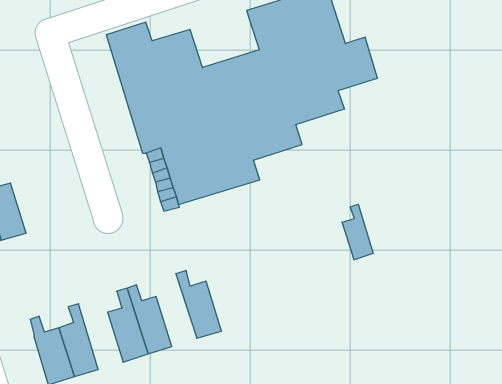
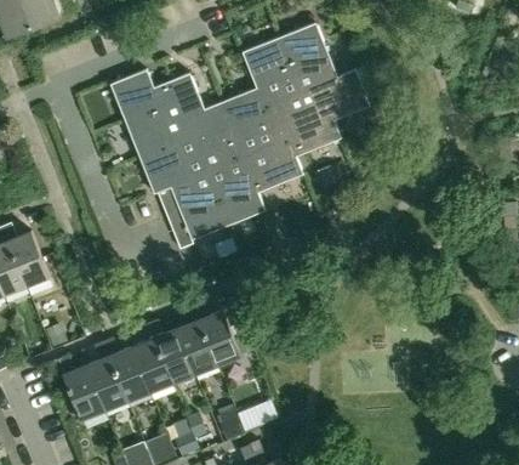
building: [342,204,373,260] -> none
building: none -> [176,306,217,375]
building: none -> [103,338,149,402]

